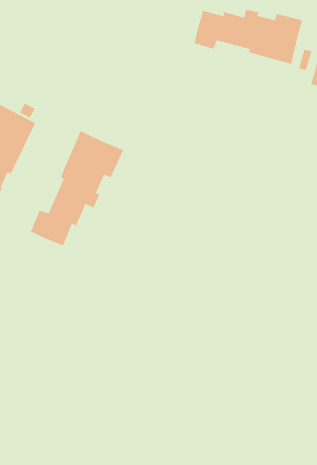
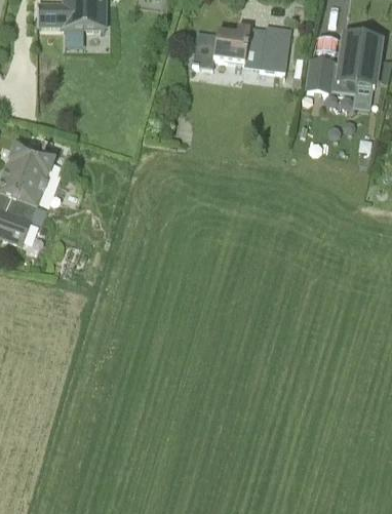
building: [30,130,124,247] -> none

